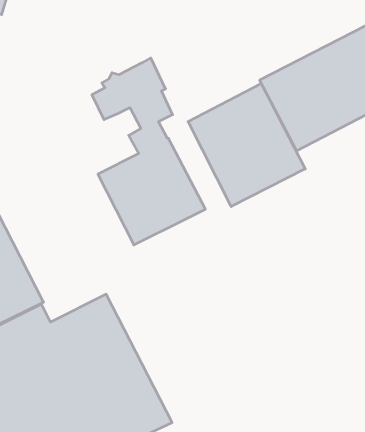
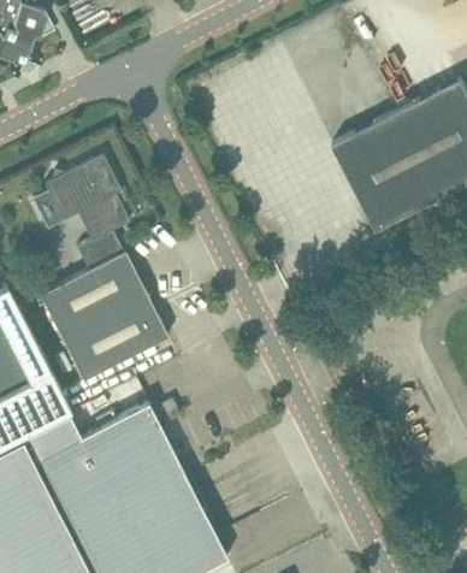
building: [92,58,205,245] -> [31,154,169,380]
building: [188,84,305,207] -> none

